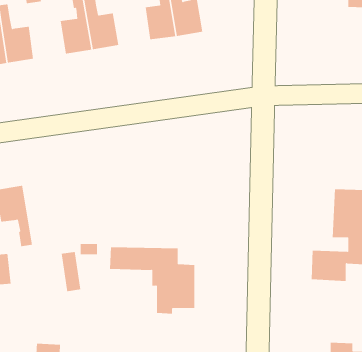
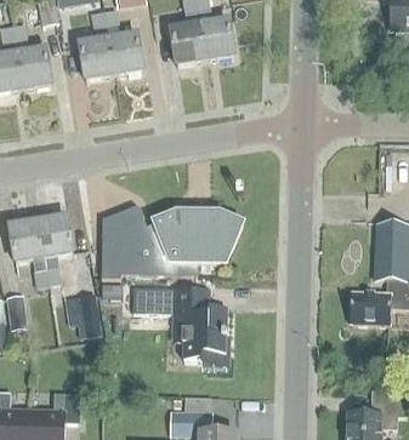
building: none -> [101,201,243,278]
building: none -> [39,216,73,285]

